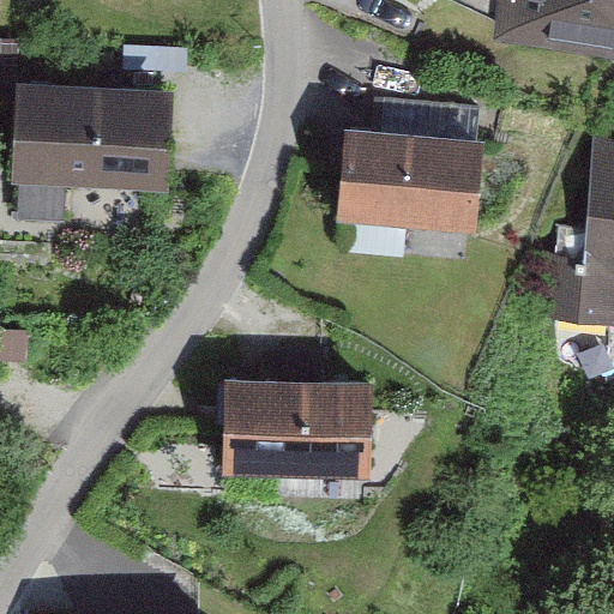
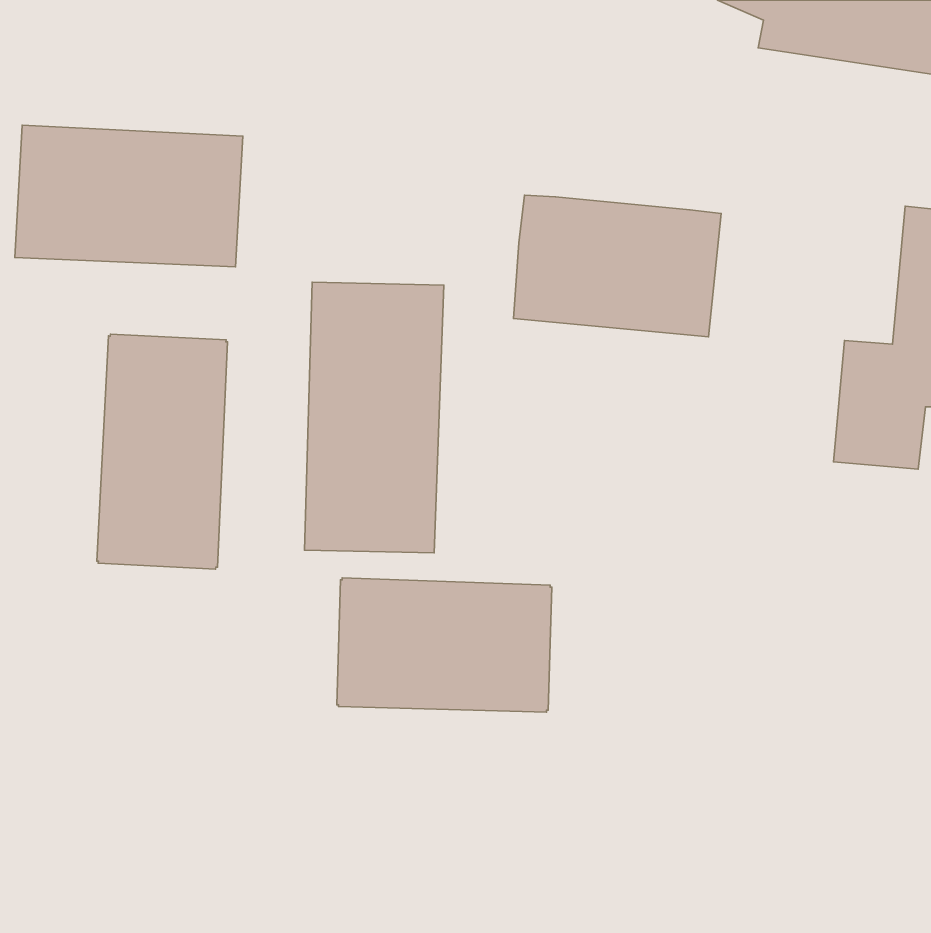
building: none -> [304,282,444,553]
building: none -> [97,334,228,569]

